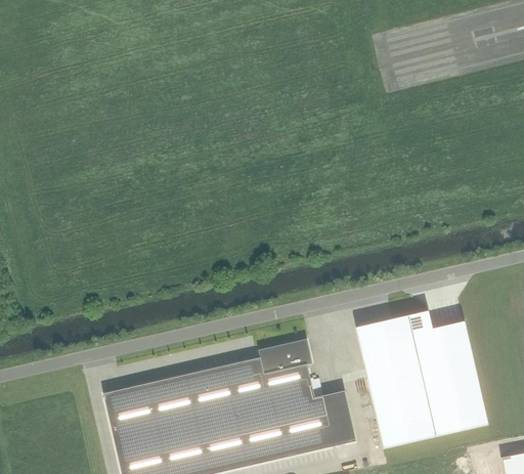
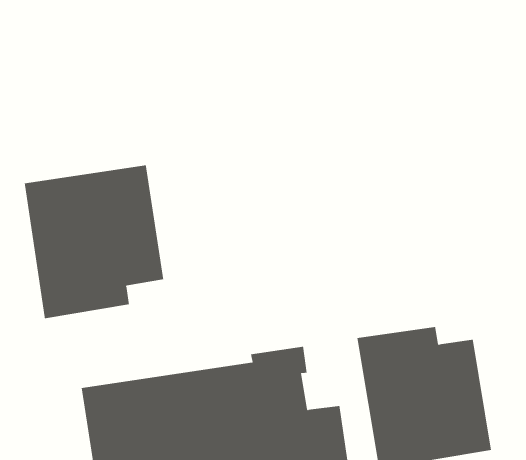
building: none -> [24,165,164,319]

